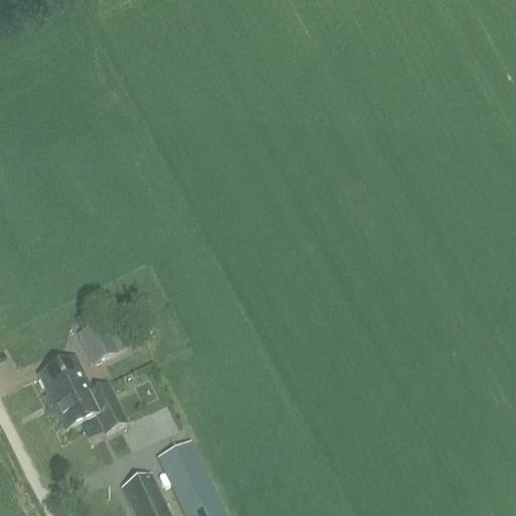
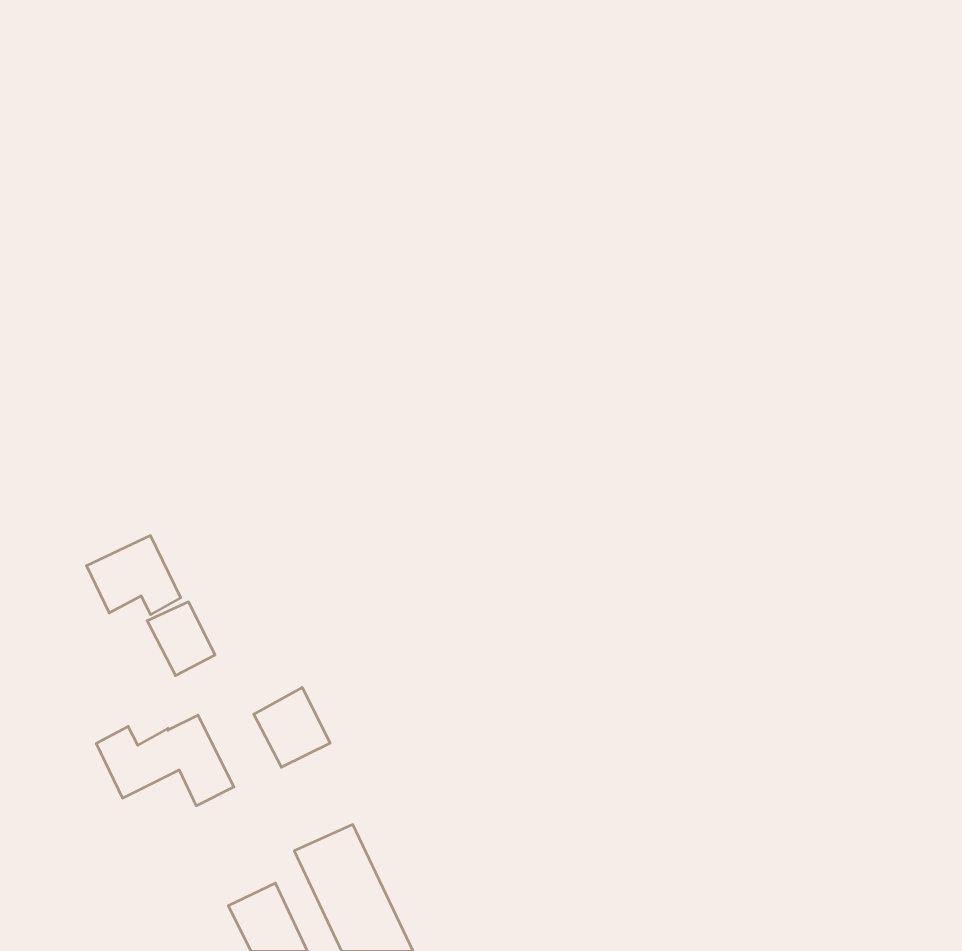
building: [39,356,90,398] -> [86,536,181,615]
building: none -> [254,687,330,767]

